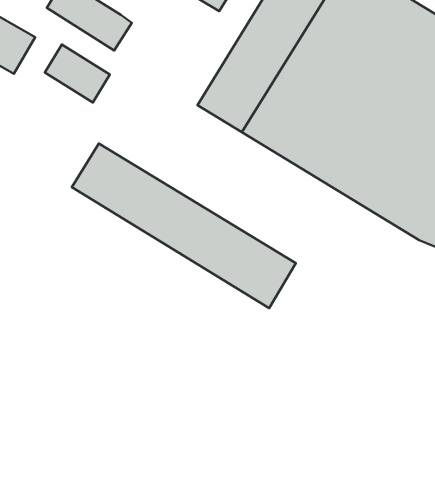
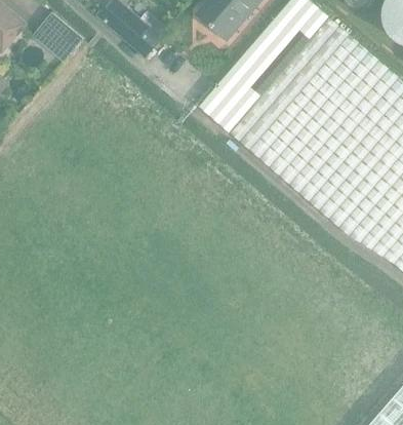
building: [45,44,110,103] -> none
building: [72,143,296,308] -> none

